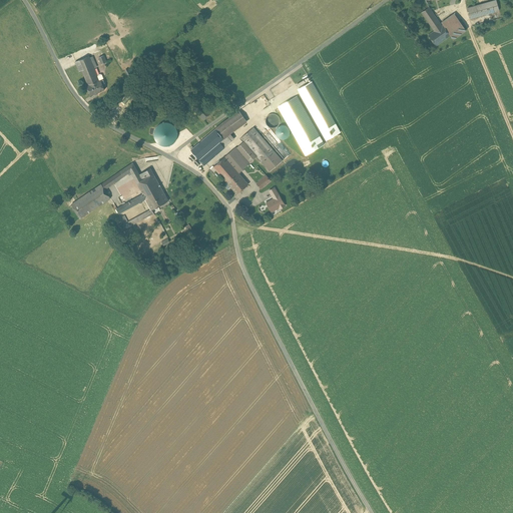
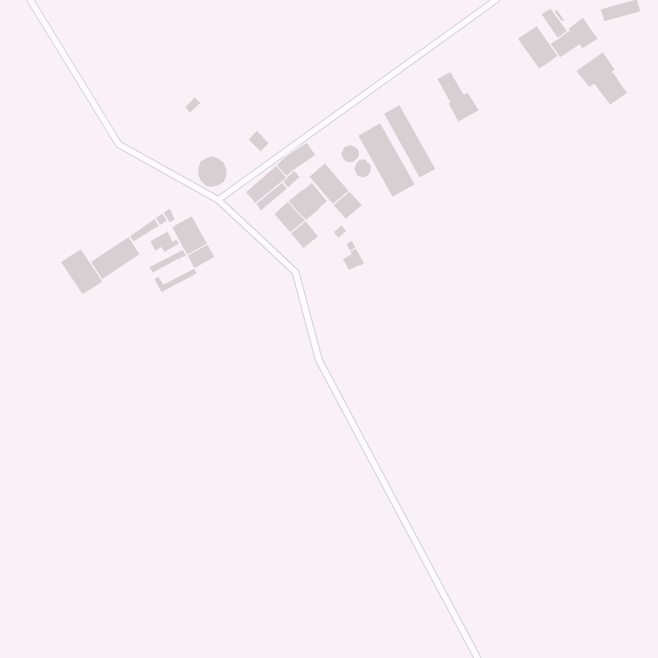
building: none -> [517,25,558,69]
building: none -> [575,51,628,106]
building: [74,55,103,94] -> none
building: none -> [437,71,479,122]
building: none -> [60,249,103,295]

